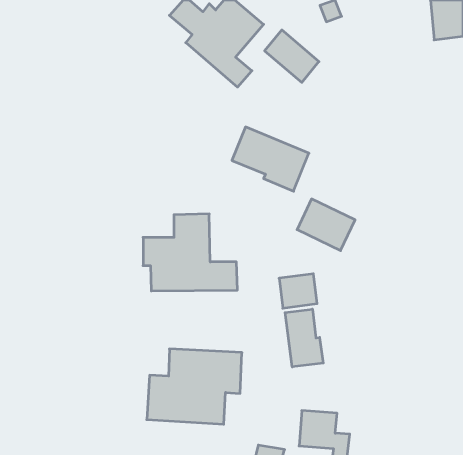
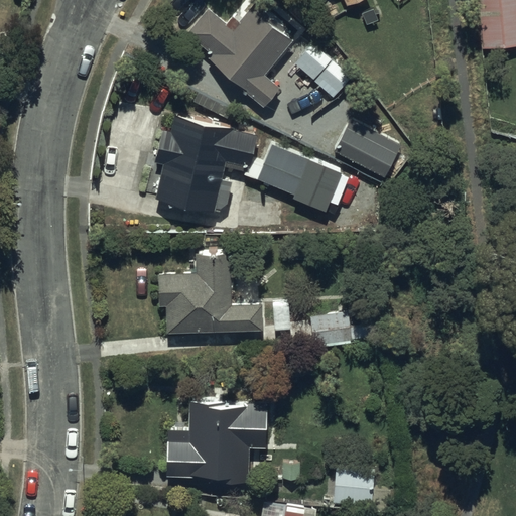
building: none -> [154,114,261,214]
building: [297,199,355,251] -> [336,123,400,180]
building: [285,309,323,367] -> none

